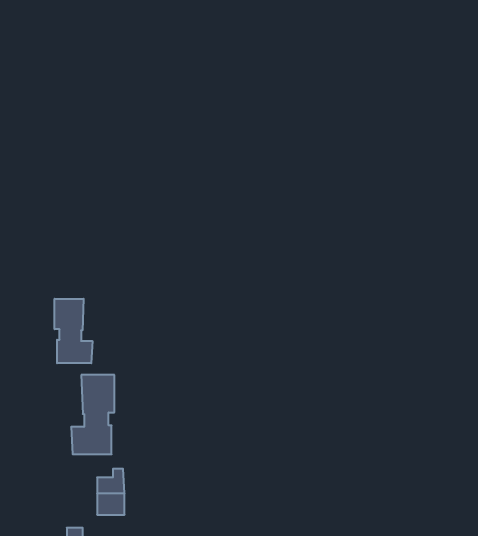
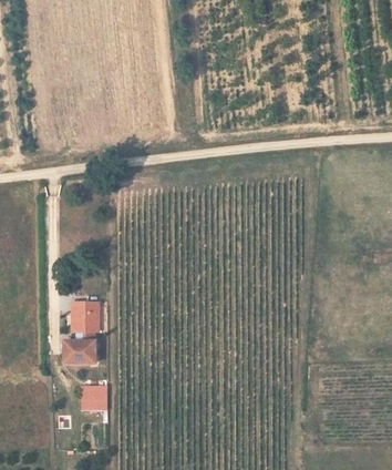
building: [55,299,92,363] -> none

